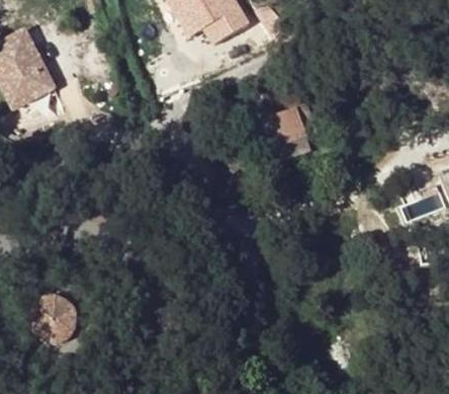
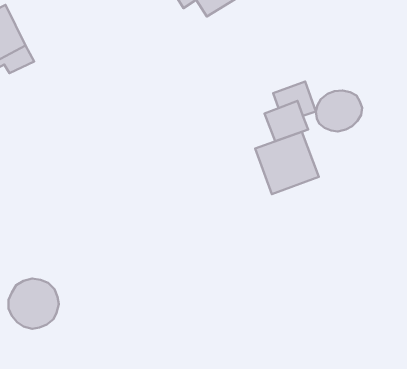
building: none -> [316,90,362,131]
building: none -> [255,132,319,194]

